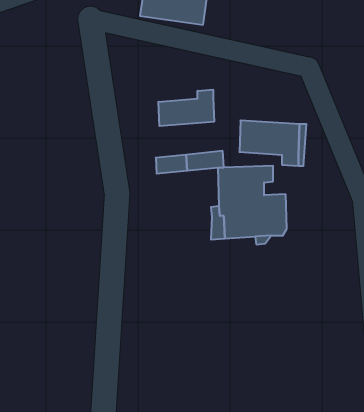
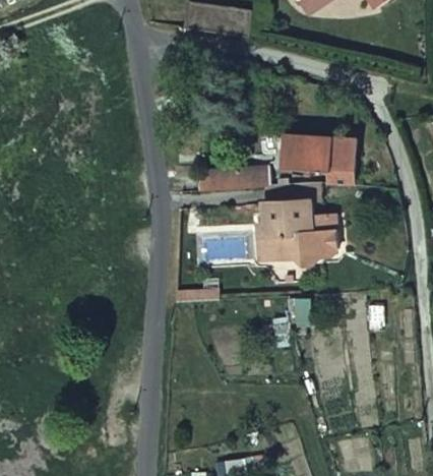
building: [158,90,214,126] -> none

